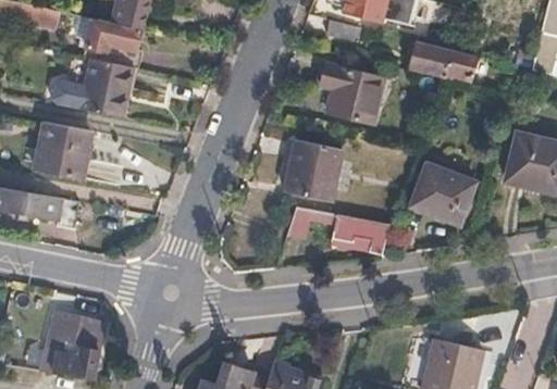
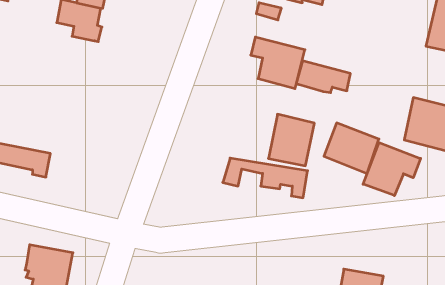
building: [409,41,474,79] -> [296,61,350,93]
building: [55,58,132,116] -> none
building: [35,122,89,178] -> none
building: [286,138,342,200] -> [268,114,314,166]
building: none -> [363,143,421,196]

